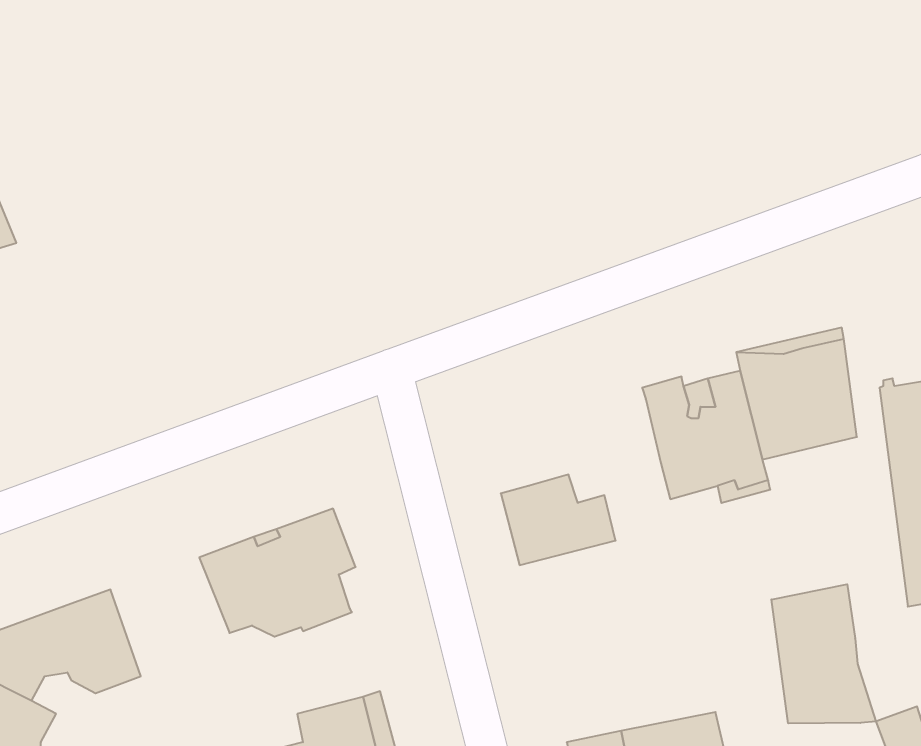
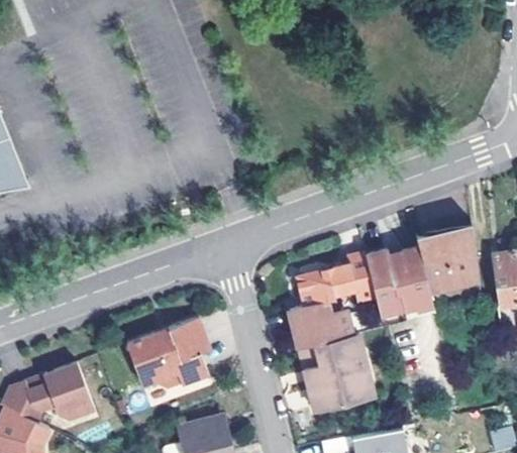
building: none -> [297,254,374,307]
building: none -> [298,336,375,416]
building: [771,584,876,723] -> none

